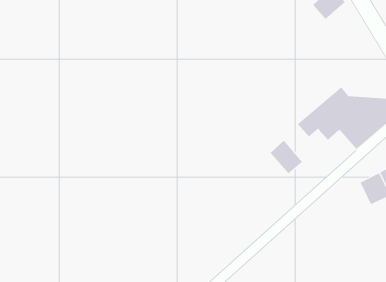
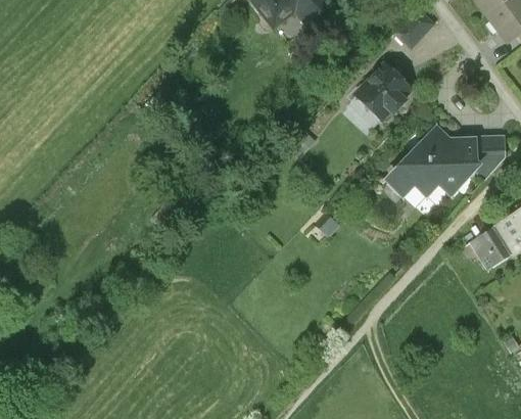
building: none -> [353,61,414,123]
building: [270,140,303,174] -> none

